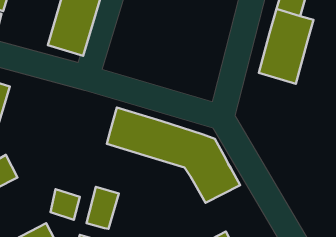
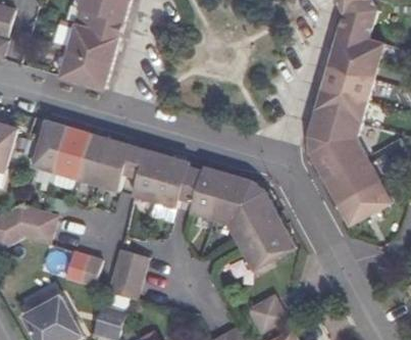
building: none -> [305,108,383,220]
building: none -> [30,118,144,194]
building: none -> [9,205,53,242]

